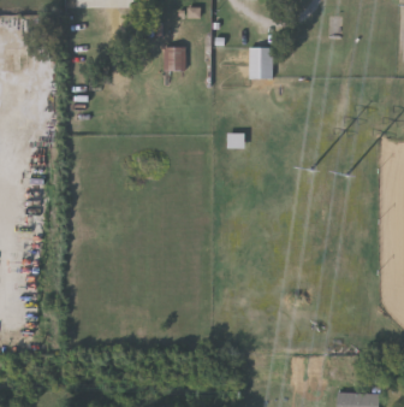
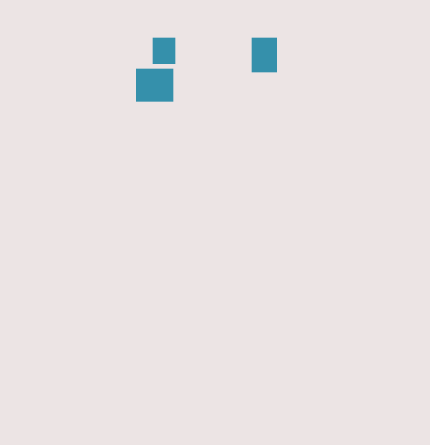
building: none -> [135,68,174,103]

